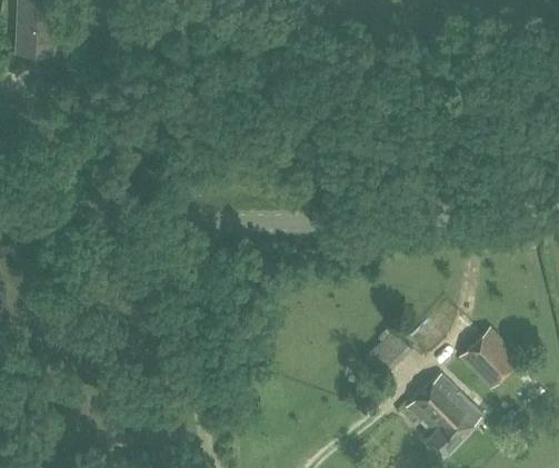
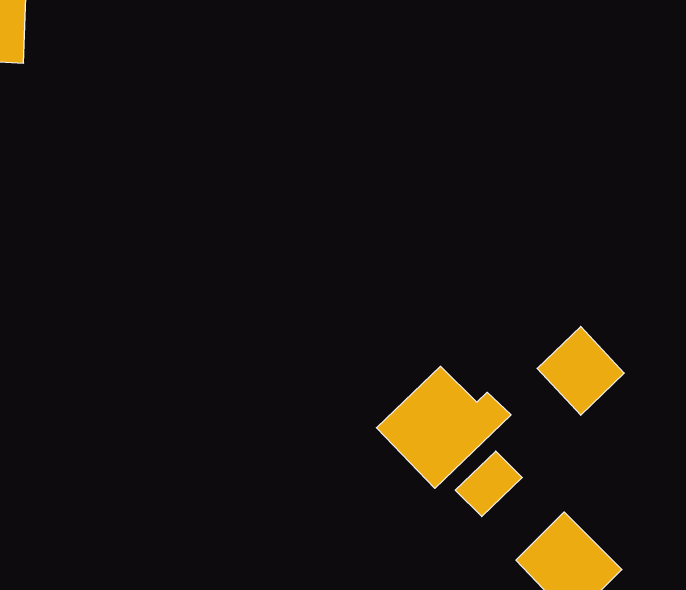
building: none -> [376,366,511,488]
building: [458,328,520,391] -> [537,326,624,415]

